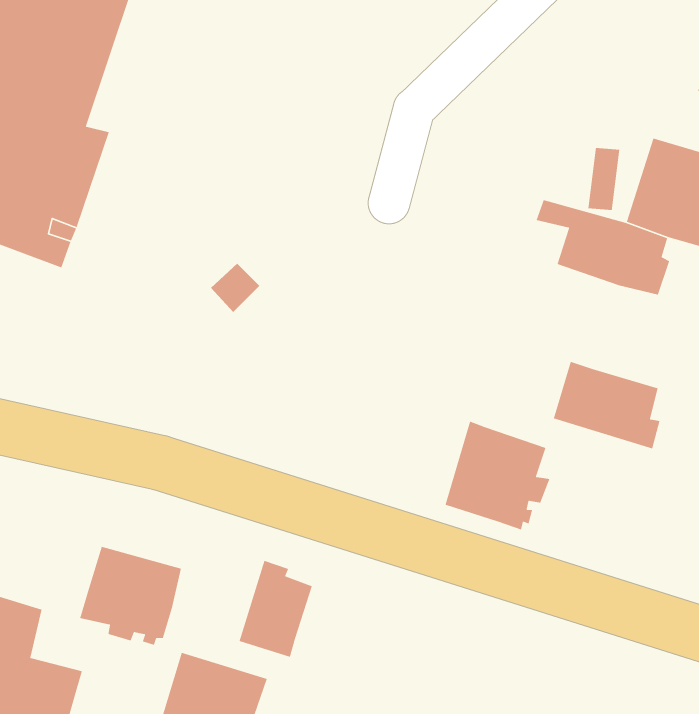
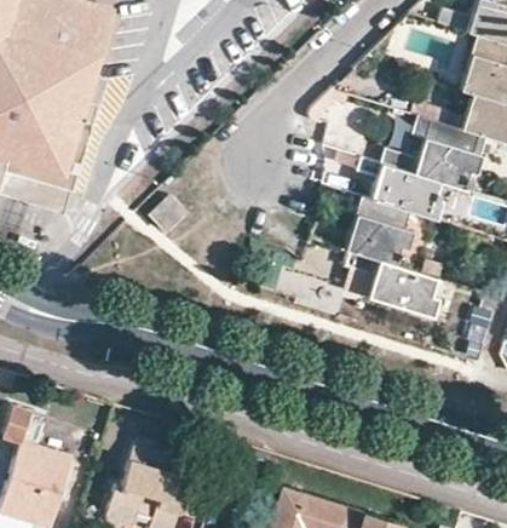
building: [445,421,550,530] -> [346,196,413,265]
building: [79,546,182,646] -> none
building: [239,560,313,658] -> none

